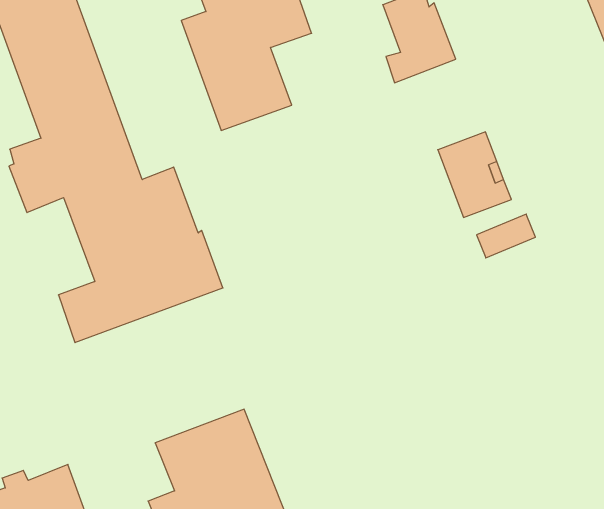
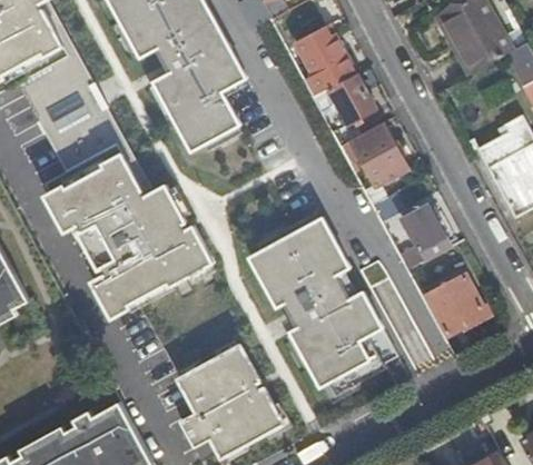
building: none -> [312,75,374,132]
building: none -> [249,212,388,387]
building: none -> [402,206,451,261]
building: none -> [425,276,485,336]

